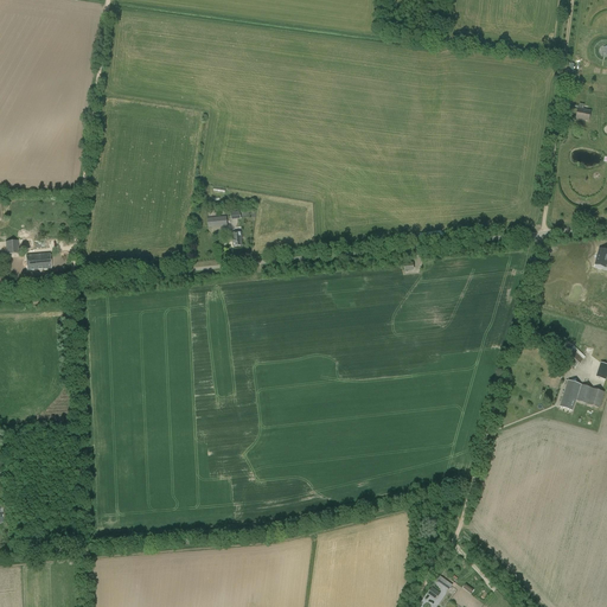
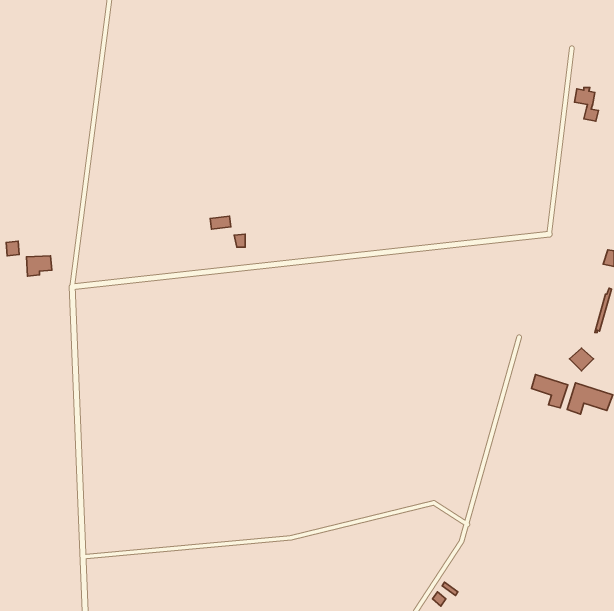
building: none -> [532,374,568,408]

